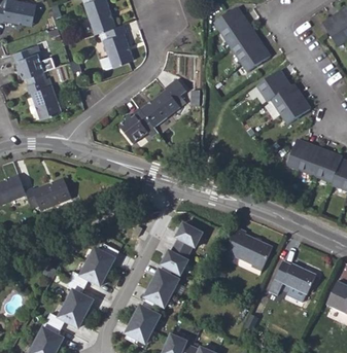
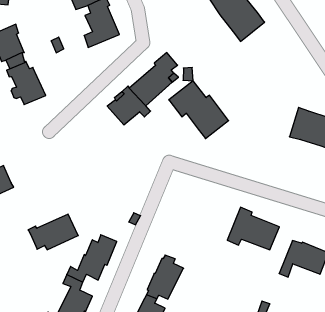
building: [255,70,310,125] -> [169,81,229,139]
building: [25,179,71,211] -> [28,214,78,250]
building: [162,224,203,277] -> none

